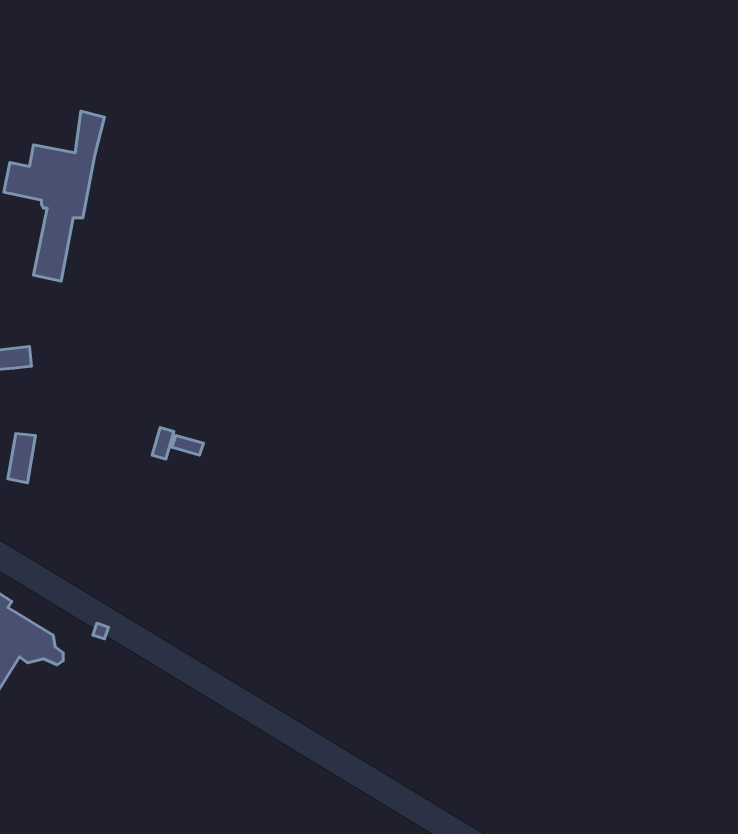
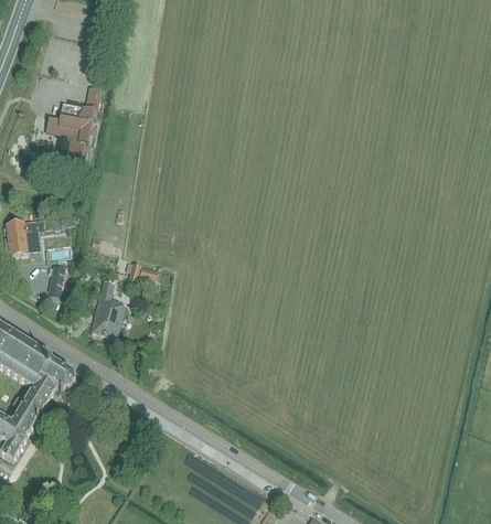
building: none -> [89,281,122,338]

